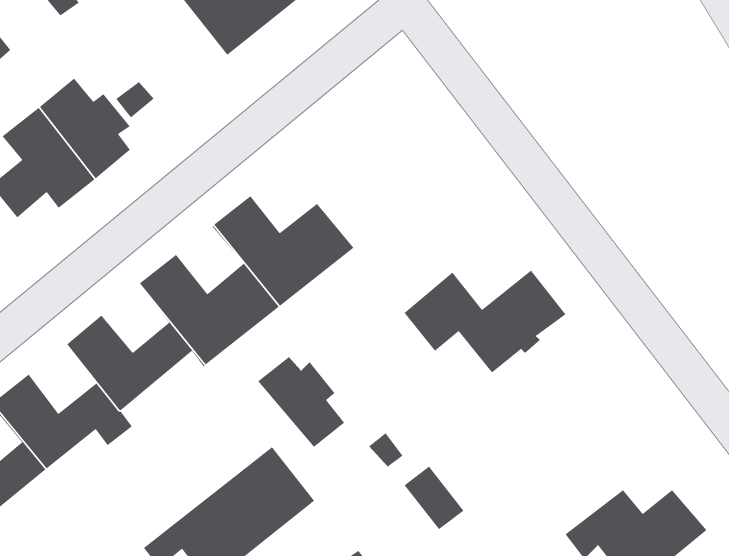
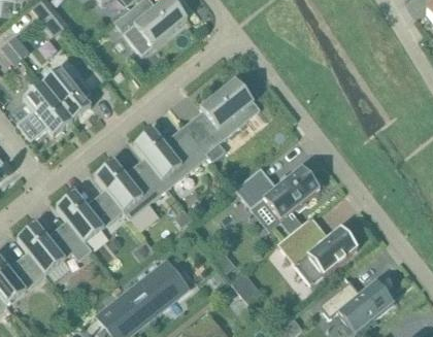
building: none -> [189,78,260,156]
building: [257,356,345,448] -> none
building: none -> [277,224,358,284]

